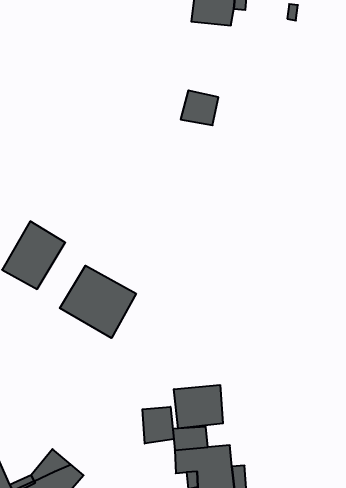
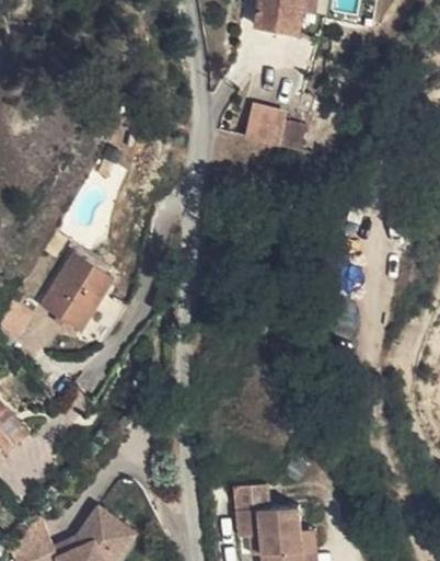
building: [60,266,136,338] -> none
building: [174,385,223,428] -> none
building: [142,407,174,444] -> none

